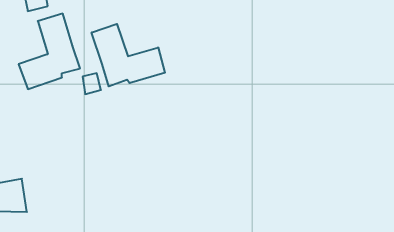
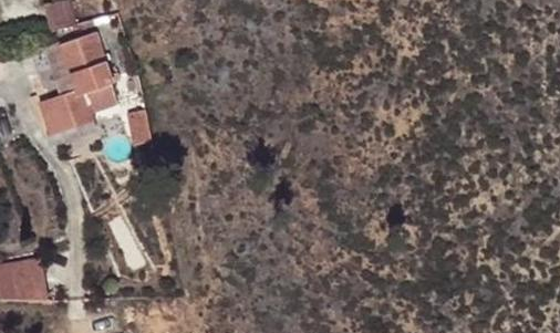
building: [92,24,165,86] -> none

